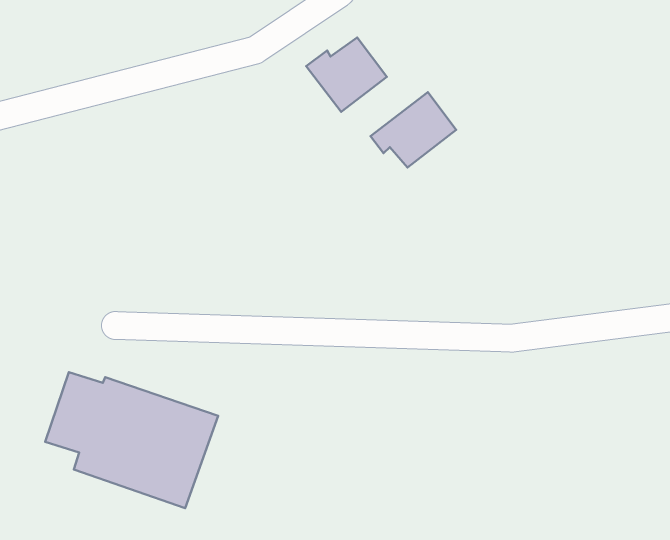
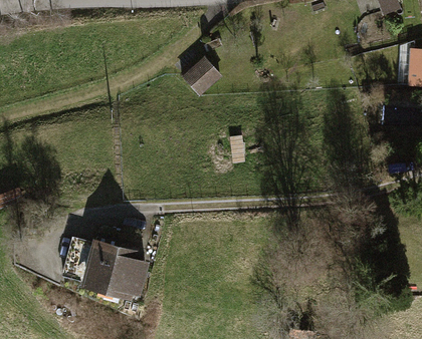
building: [370,92,456,168] -> none

